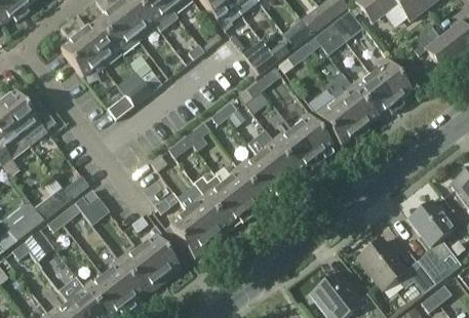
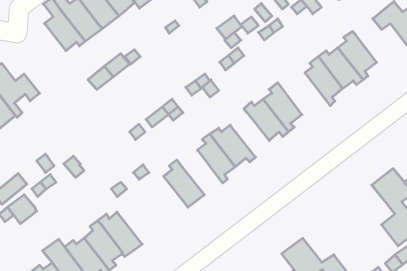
building: [319,100,363,143] -> none
building: [258,137,299,189] -> none
building: [193,173,249,230] -> none
building: [169,209,212,256] -> none
building: [138,234,182,281] -> none
building: [357,237,435,293] -> none

